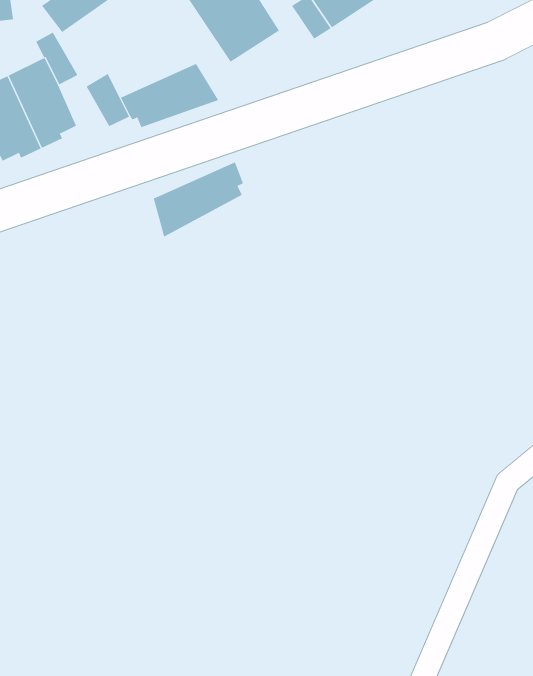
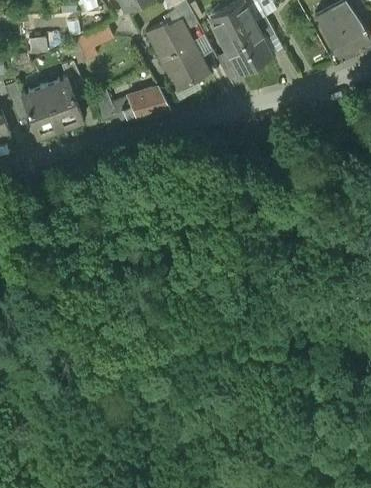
building: [153,161,243,237] -> none

